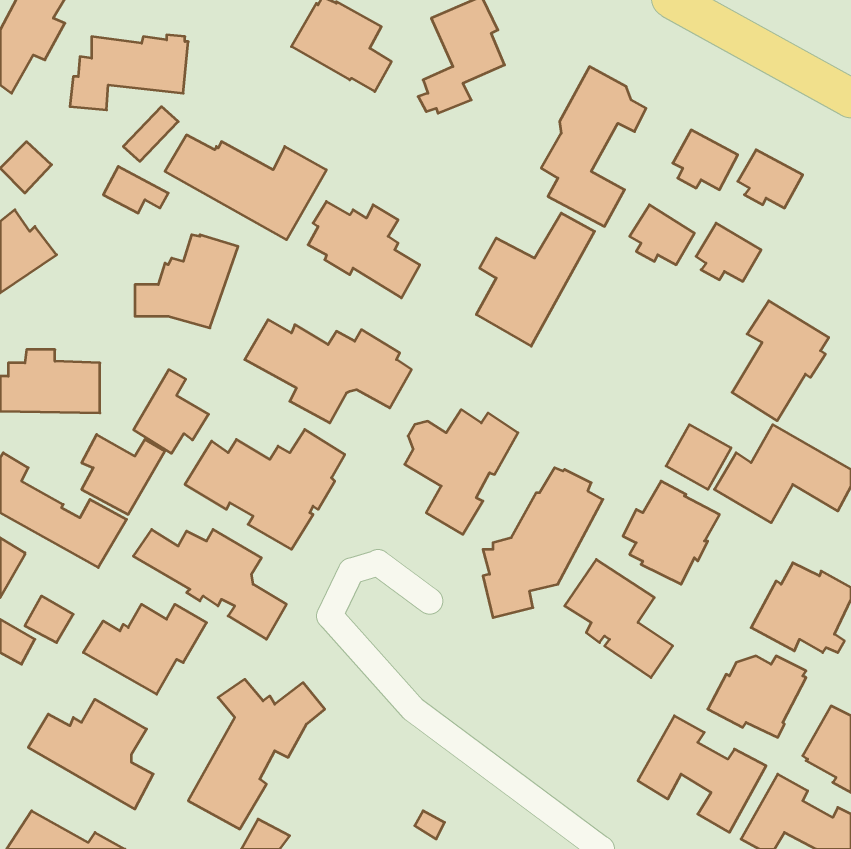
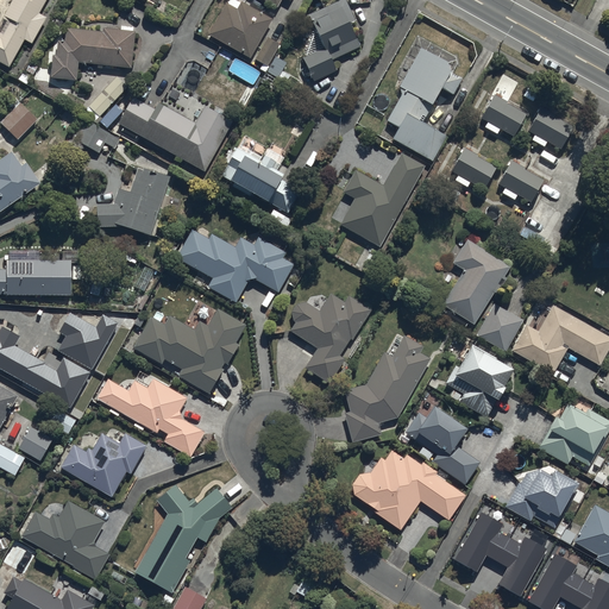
building: [732,301,829,421] -> [441,239,510,325]
building: [134,370,209,453] -> none
building: none -> [352,450,465,529]

